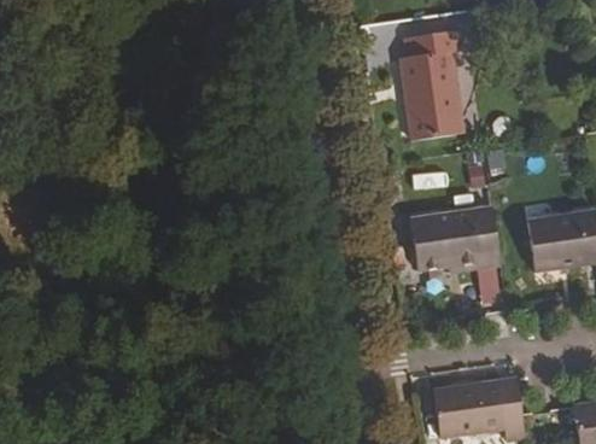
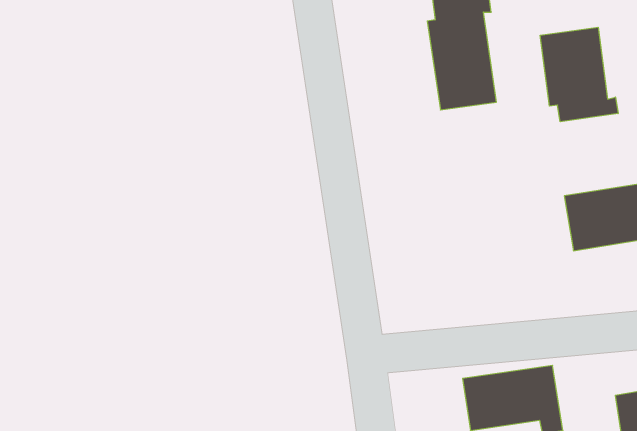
building: none -> [540,27,618,122]
building: [410,206,501,269] -> none

